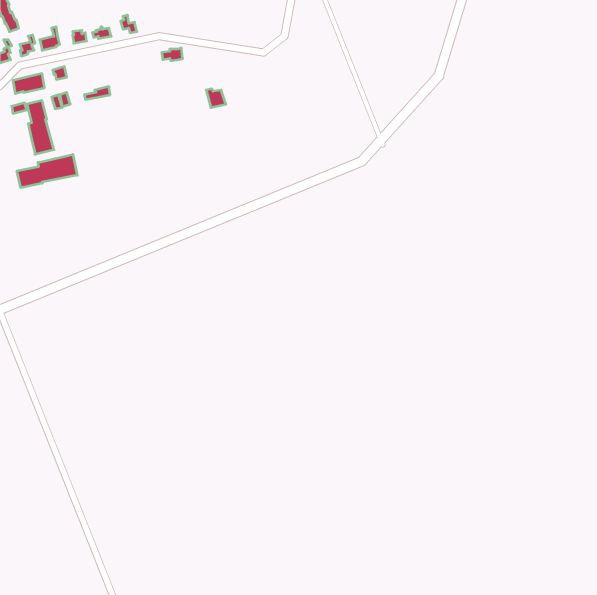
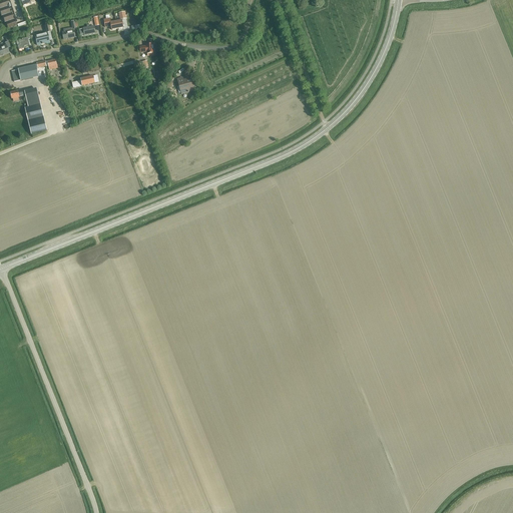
building: [17,154,77,188] -> none

